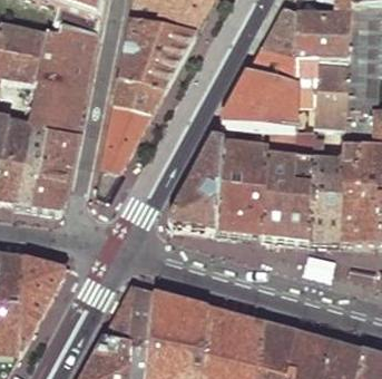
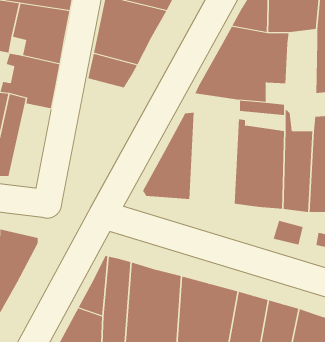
building: [315,67,346,127] -> none
building: [97,104,150,197] -> none
building: [32,129,76,207] -> none
building: [217,138,266,232] -> none

